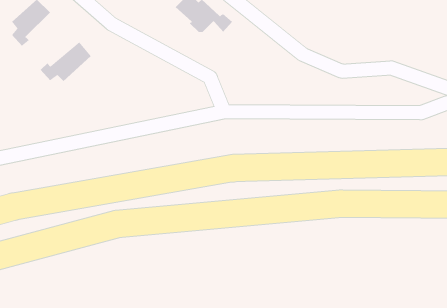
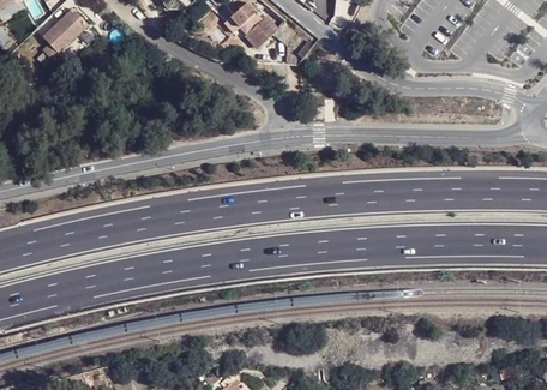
building: [40,41,91,82] -> none

